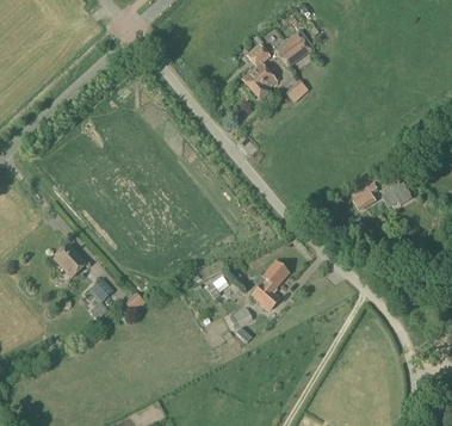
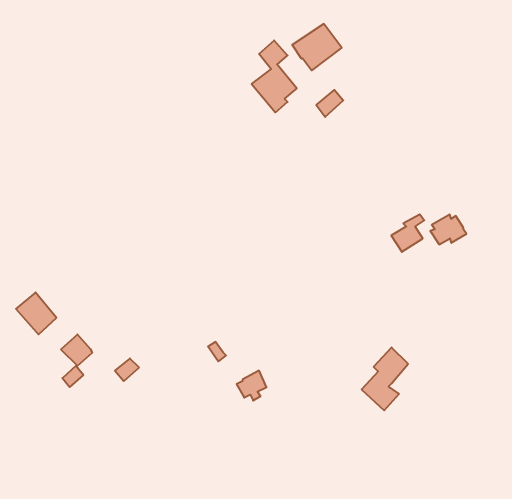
building: [252,259,289,309] -> [362,347,408,410]

